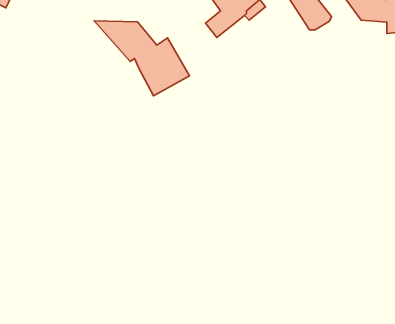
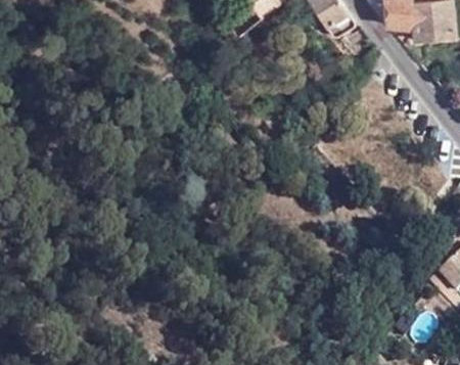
building: [94,21,189,96] -> none

